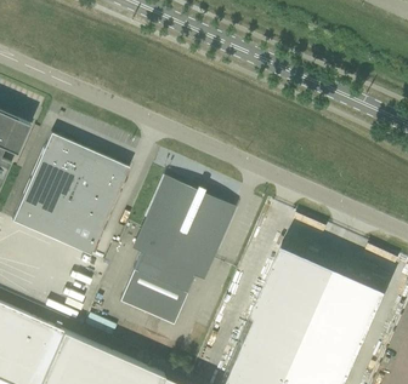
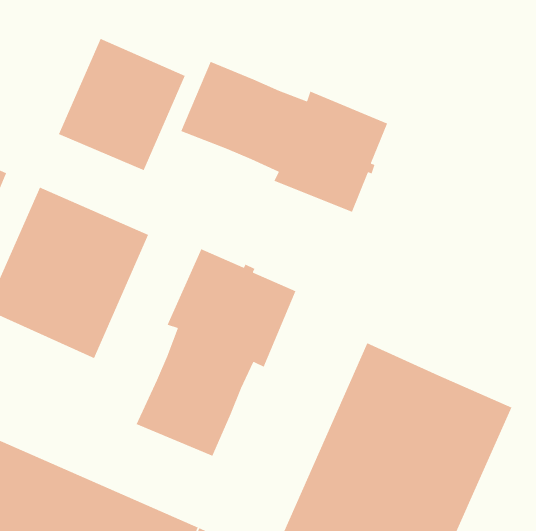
building: none -> [58,38,186,171]
building: none -> [180,61,388,213]

